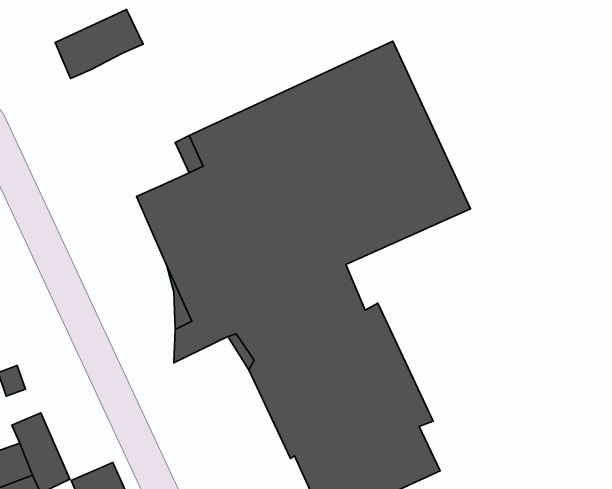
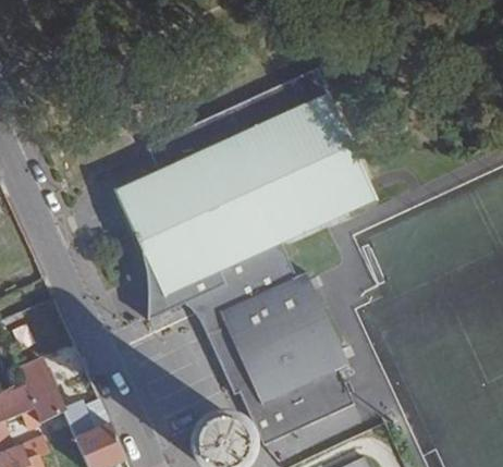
building: [55,9,143,78] -> none

